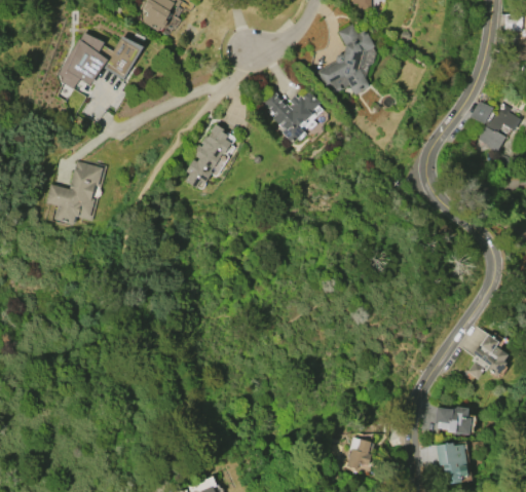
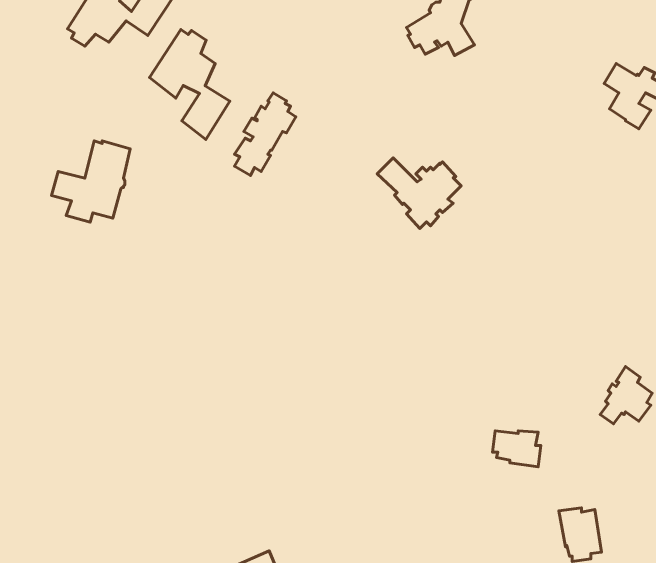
building: none -> [149,29,230,139]
building: [259,88,324,143] -> [377,158,461,229]
building: [435,407,472,434] -> [493,431,541,467]
building: [346,437,372,474] -> none

